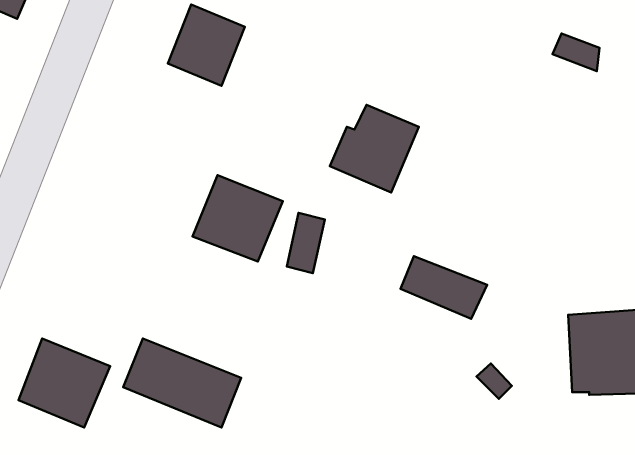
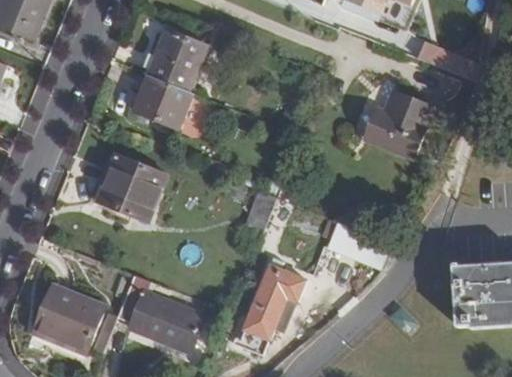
building: none -> [134,74,193,127]
building: [330,105,419,192] -> [365,91,433,158]
building: [193,175,283,262] -> [97,154,166,220]
building: none -> [245,265,305,338]

